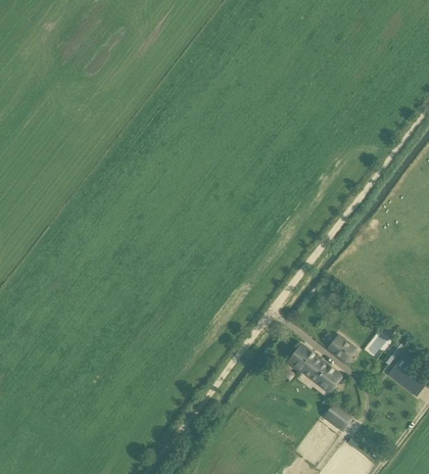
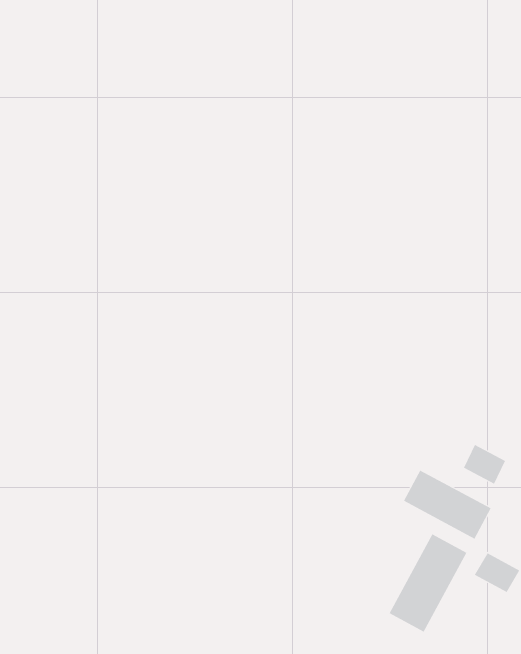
building: none -> [389,534,467,633]

